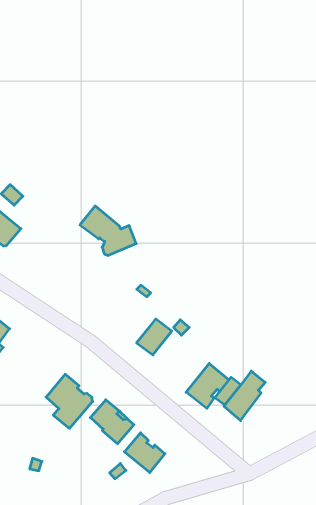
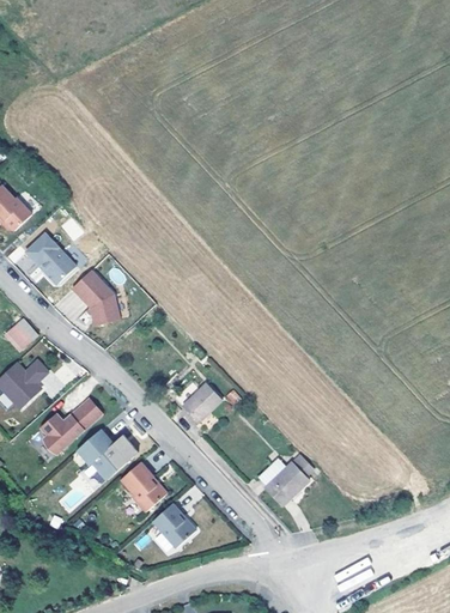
building: [80,206,136,255] -> [72,269,129,324]
building: none -> [41,399,102,453]
building: [186,363,229,408] -> none

